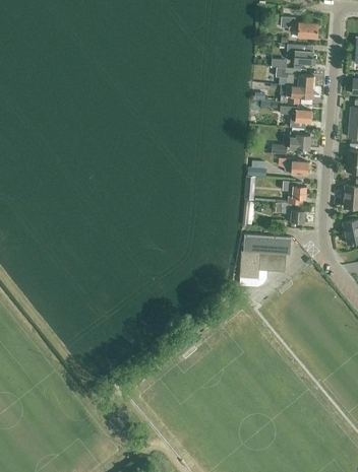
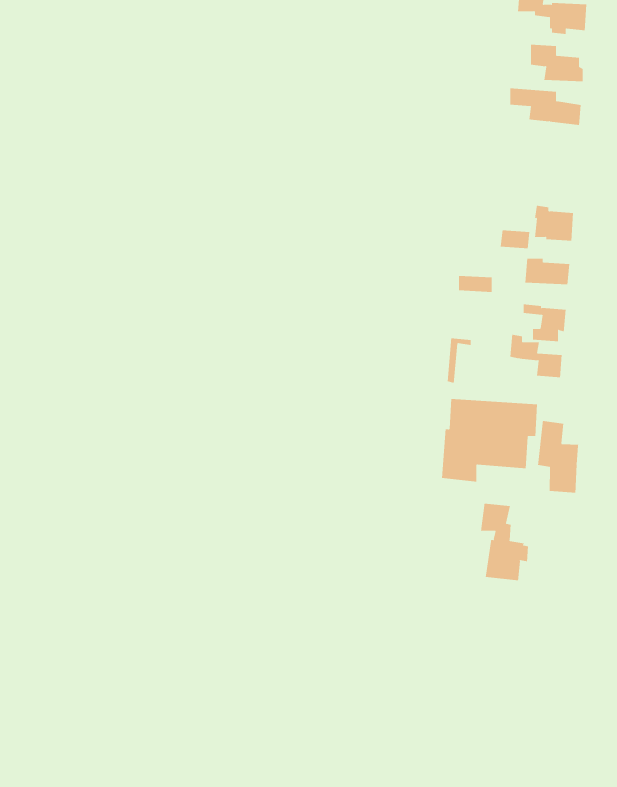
building: [281,85,314,104] -> none
building: [282,107,312,129] -> none
building: none -> [538,420,579,493]
building: none -> [481,503,528,581]

